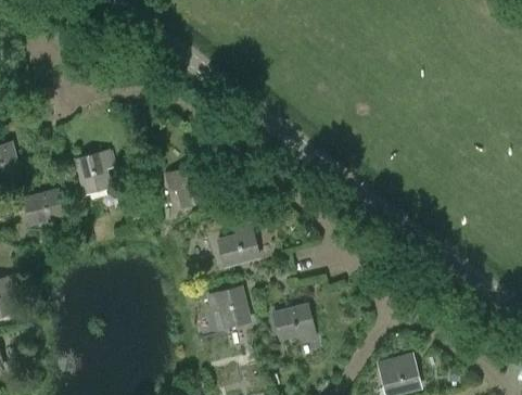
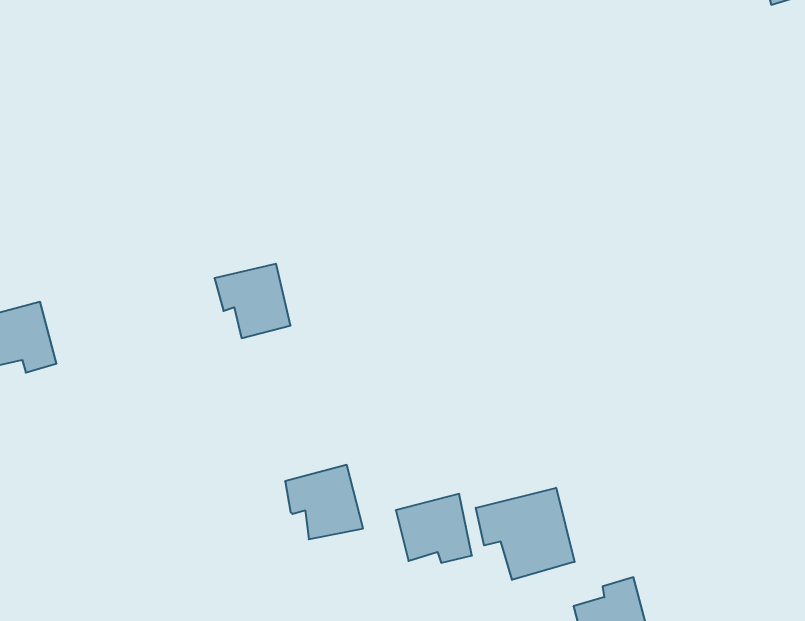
building: [73,149,115,196] -> none
building: [216,221,262,268] -> none
building: none -> [476,488,575,580]

